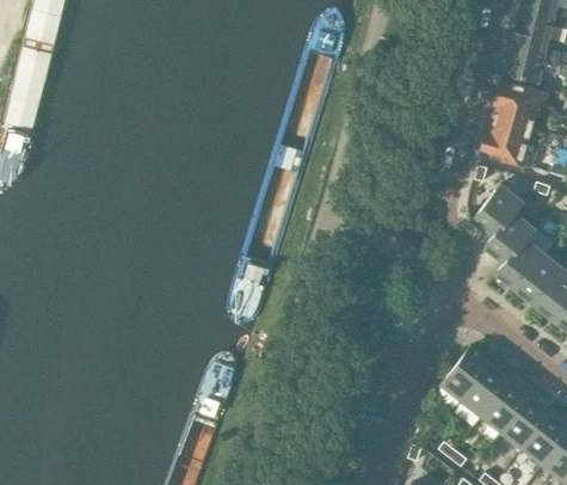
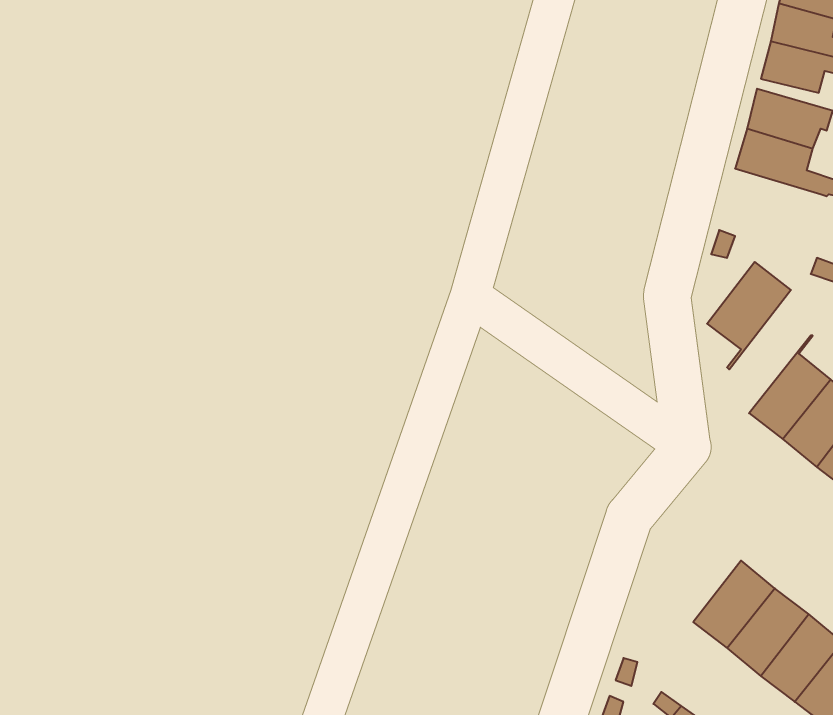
building: [482,129,541,170] -> none
building: [486,202,535,276] -> none
building: [443,349,493,401] -> none

